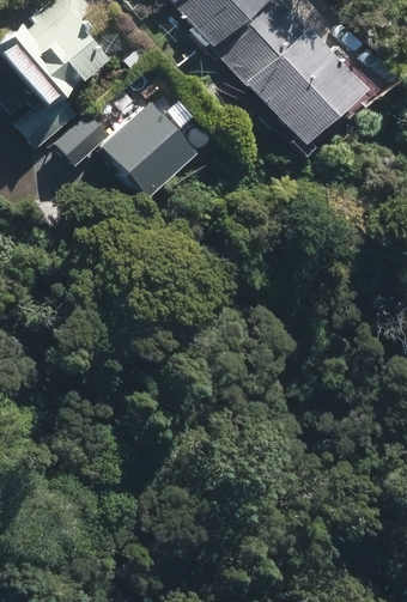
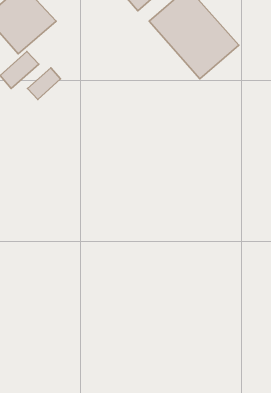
building: [103,108,184,189] -> none

